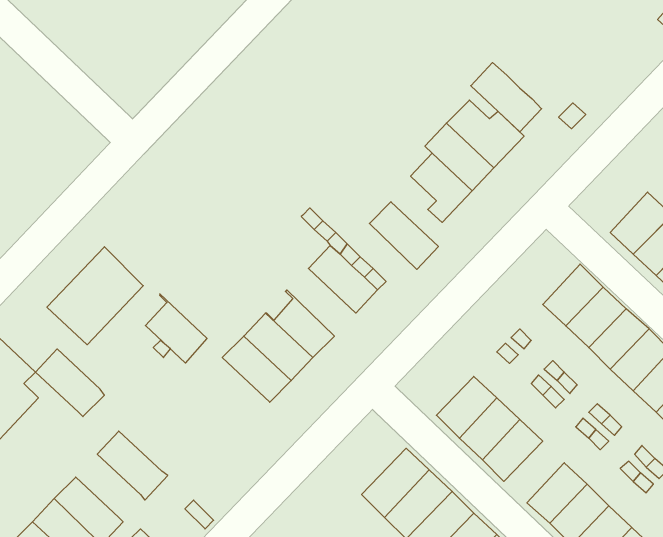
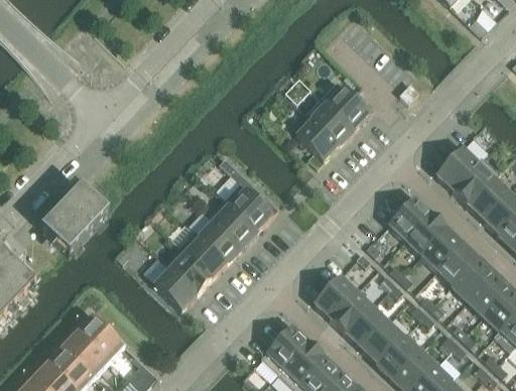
building: [471,63,542,132] -> none
building: [369,202,438,269] -> [209,200,257,247]
building: [145,294,207,363] -> [153,262,197,310]
building: [35,349,104,417] -> [60,330,109,377]
building: none -> [361,320,403,364]

